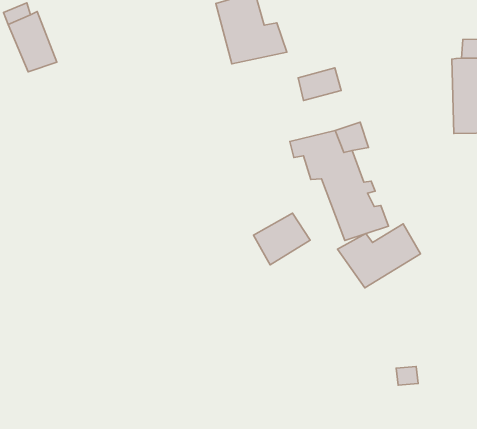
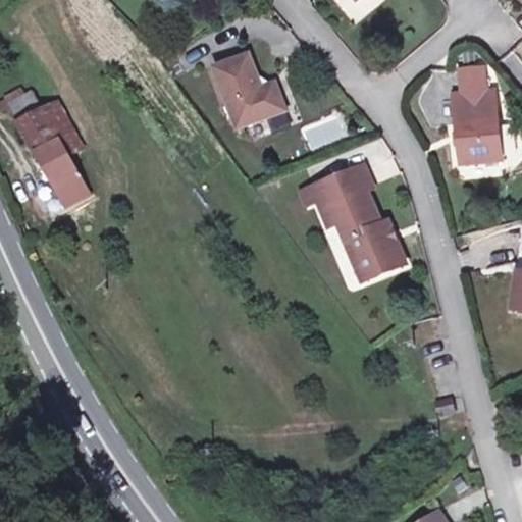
building: none -> [37,145,90,207]
building: [254,213,310,265] -> none
building: [338,224,420,288] -> none

